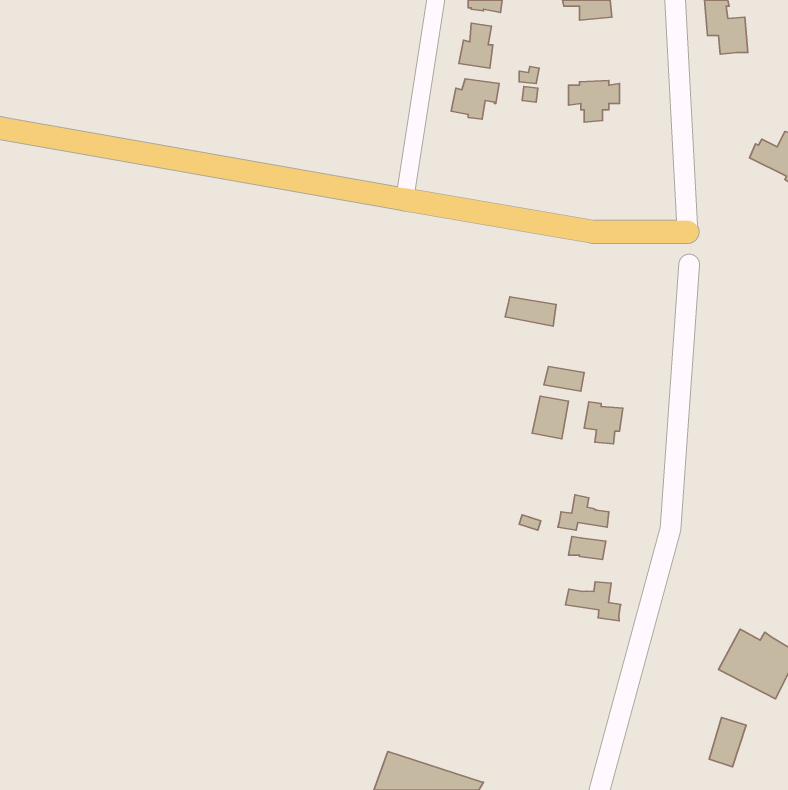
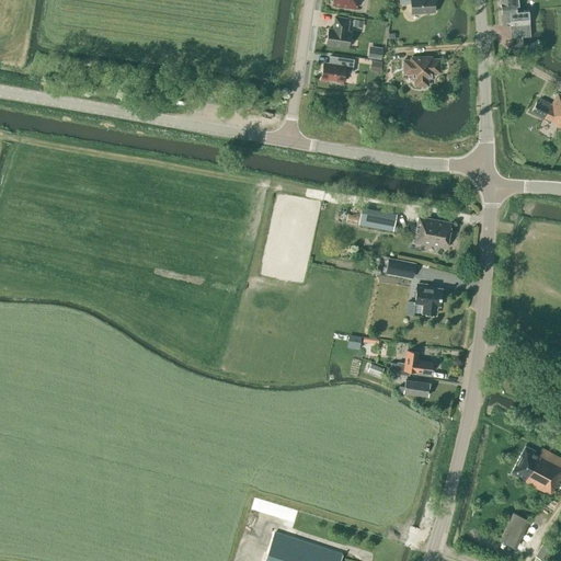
building: none -> [415,217,453,249]
building: [532,396,568,439] -> none
building: [565,582,621,621] -> none

